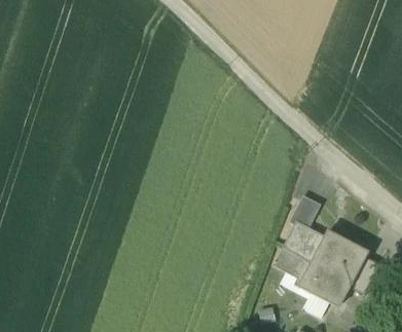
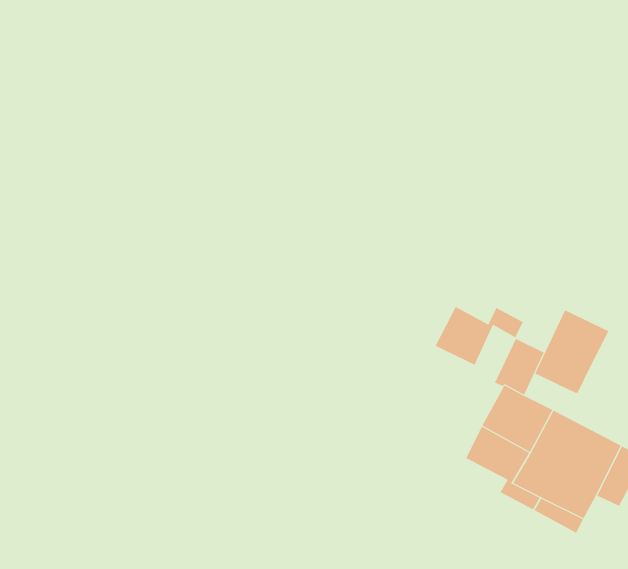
building: none -> [435,306,523,366]
building: none -> [534,309,609,394]

